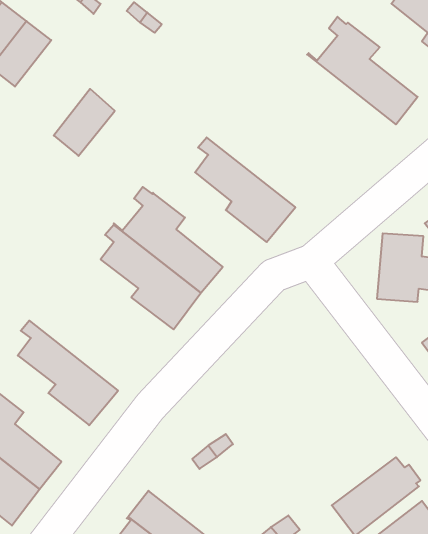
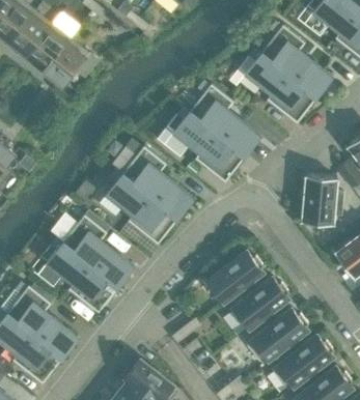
building: none -> [245,49,316,123]
building: [54,89,115,156] -> [45,38,88,86]
building: none -> [182,81,260,158]
building: none -> [55,211,134,288]
building: none -> [206,251,264,303]
building: none -> [232,278,289,330]
building: none -> [246,309,308,365]

